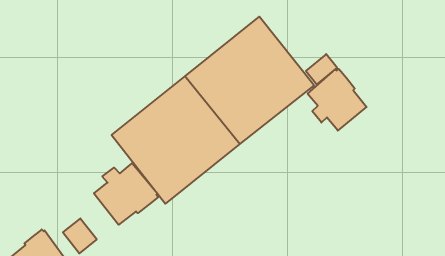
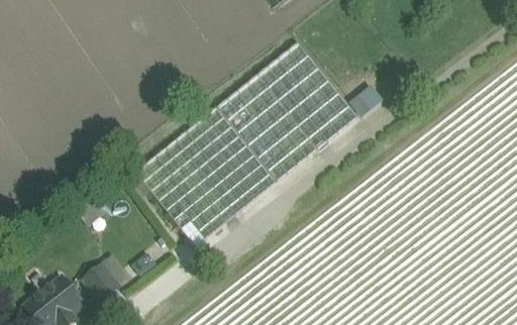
building: [308,69,367,131] -> none
building: [94,163,158,225] -> none

